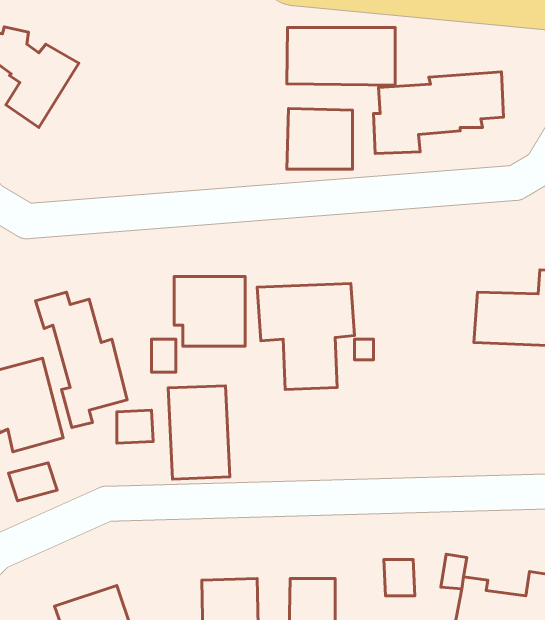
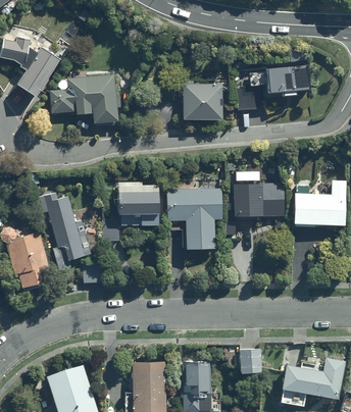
building: [287,27,395,85] -> none
building: none -> [50,74,117,123]
building: none -> [234,184,284,217]
building: [168,386,230,479] -> none
building: [9,463,57,501] -> none

